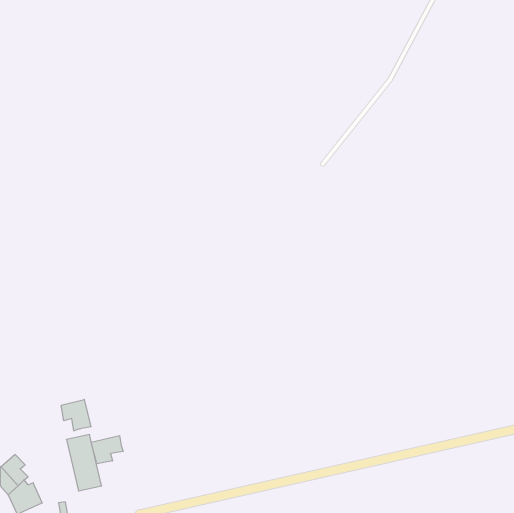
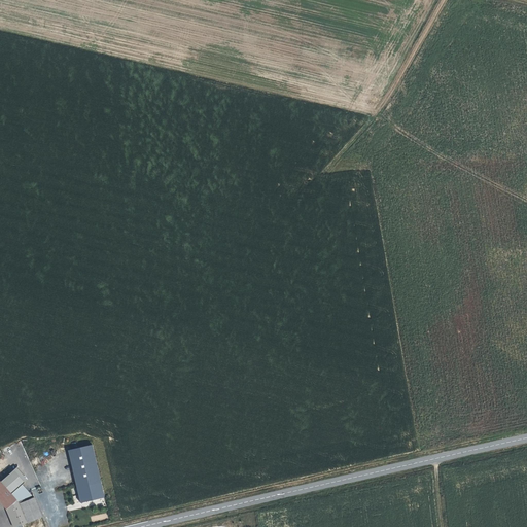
building: [61,399,91,431] -> none
building: [91,436,123,464] -> none

